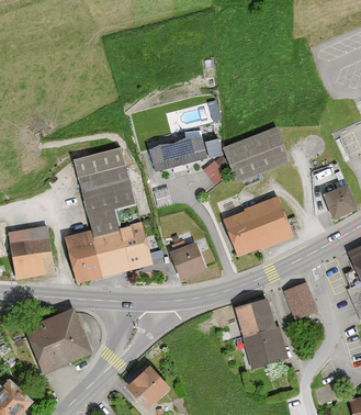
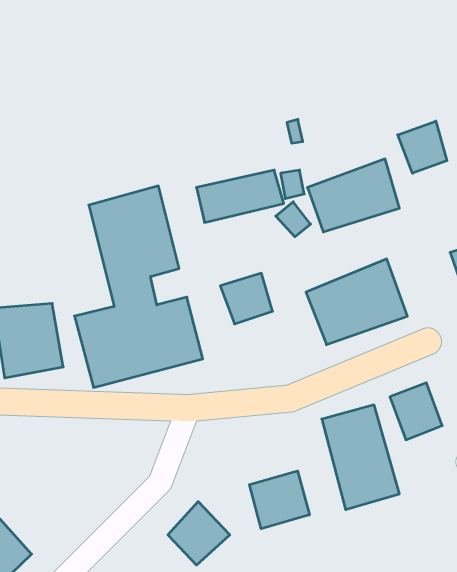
building: none -> [398,121,447,173]
building: [169,243,205,278] -> [220,273,273,324]
building: [25,310,92,373] -> none
building: none -> [249,471,309,529]

